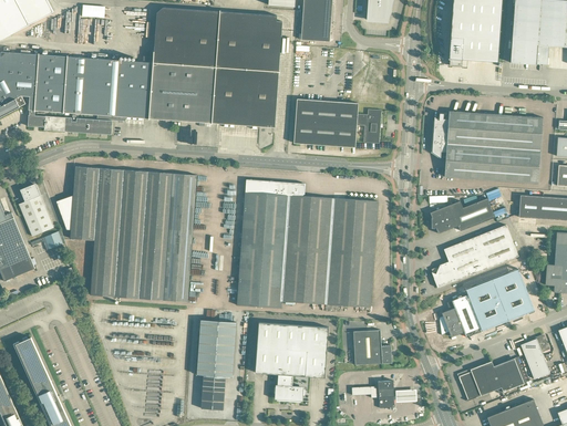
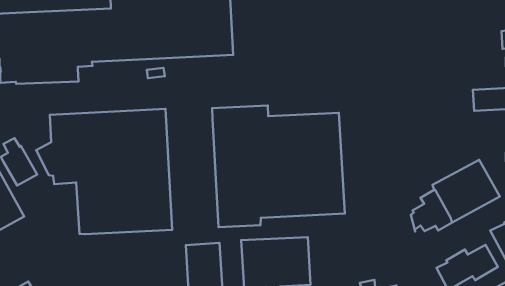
building: [292,98,381,147] -> none
building: [431,111,542,184] -> none
building: [429,198,494,233] -> none
building: [431,225,517,288] -> none
building: [352,330,391,365] -> none

